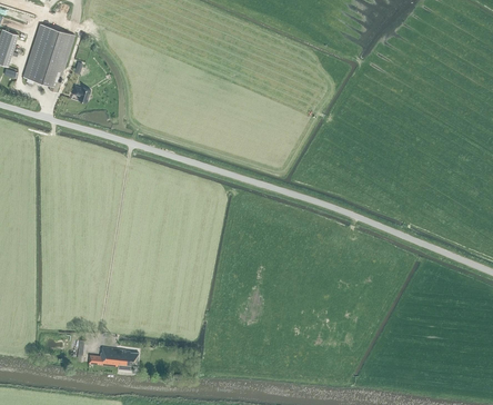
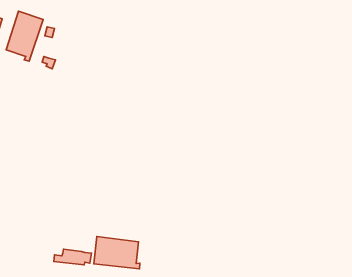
building: none -> [94,237,140,269]

